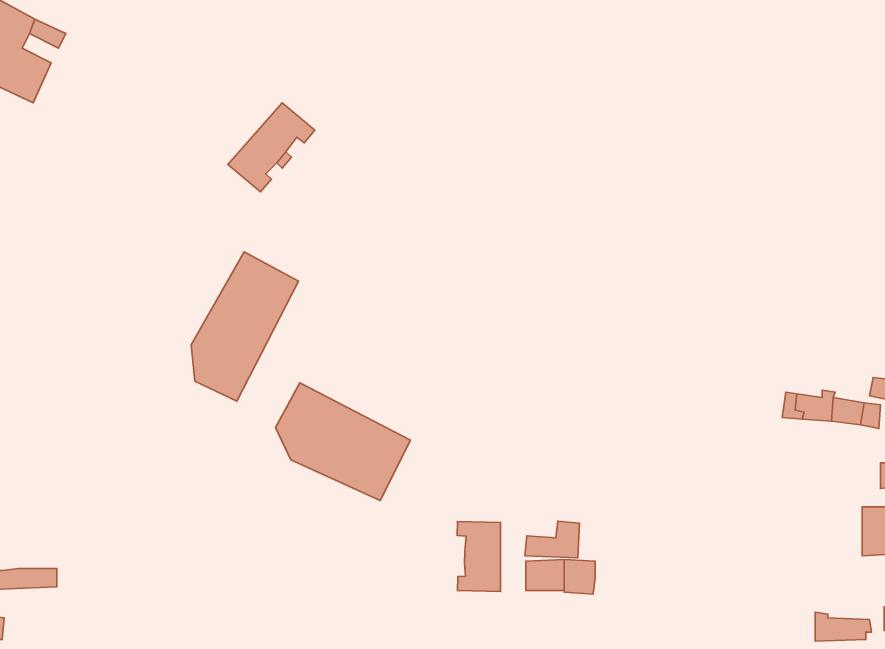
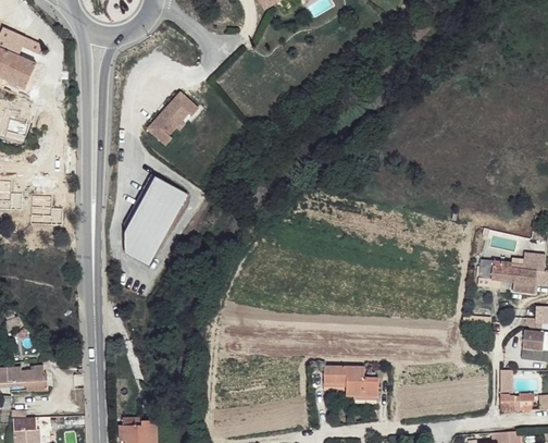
building: [276,383,411,501] -> none
building: [525,521,579,558] -> [346,374,378,396]
building: [457,522,500,592] -> none

